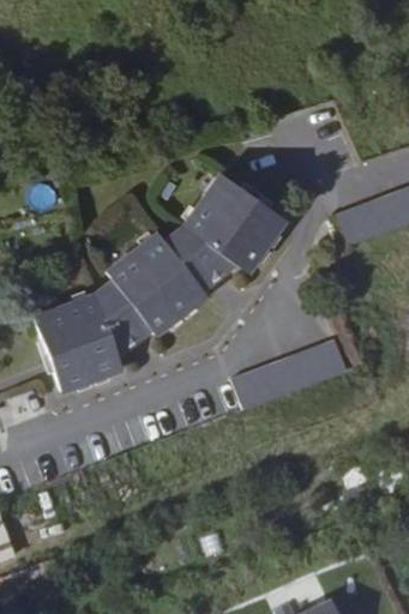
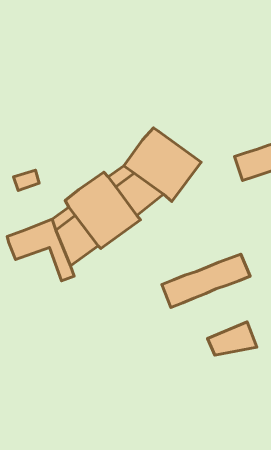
building: [48,330,108,390] -> none
building: none -> [208,322,257,355]

